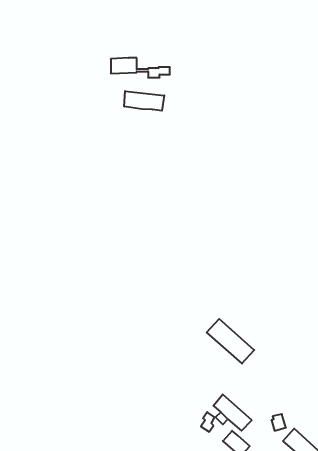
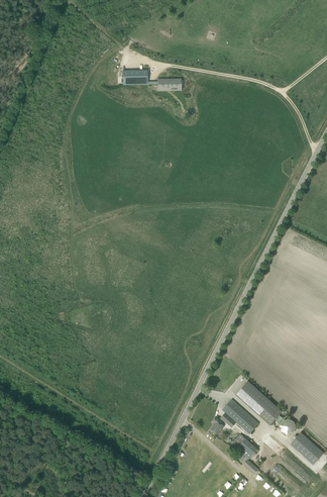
building: [124,91,164,111] -> none
building: [207,319,254,364] -> [235,381,282,424]

